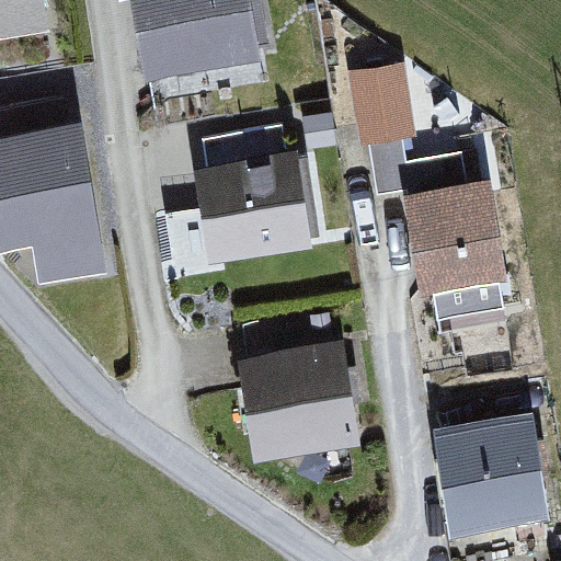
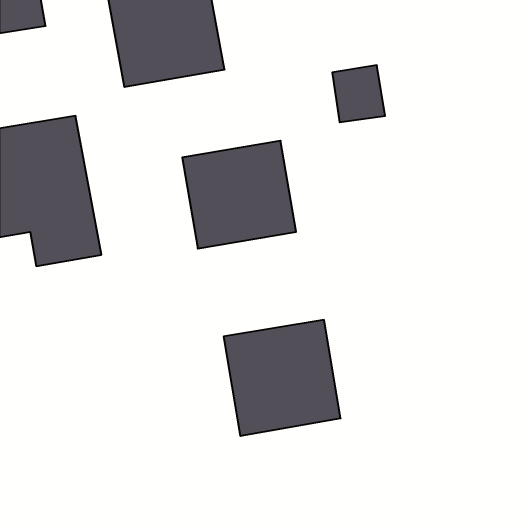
building: [400,179,507,295] -> none
building: [433,412,549,536] -> none

